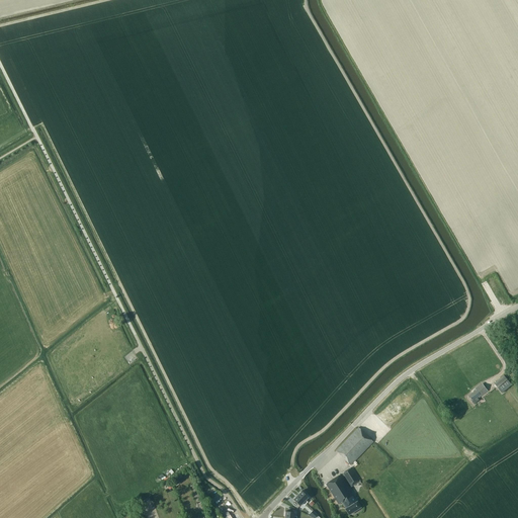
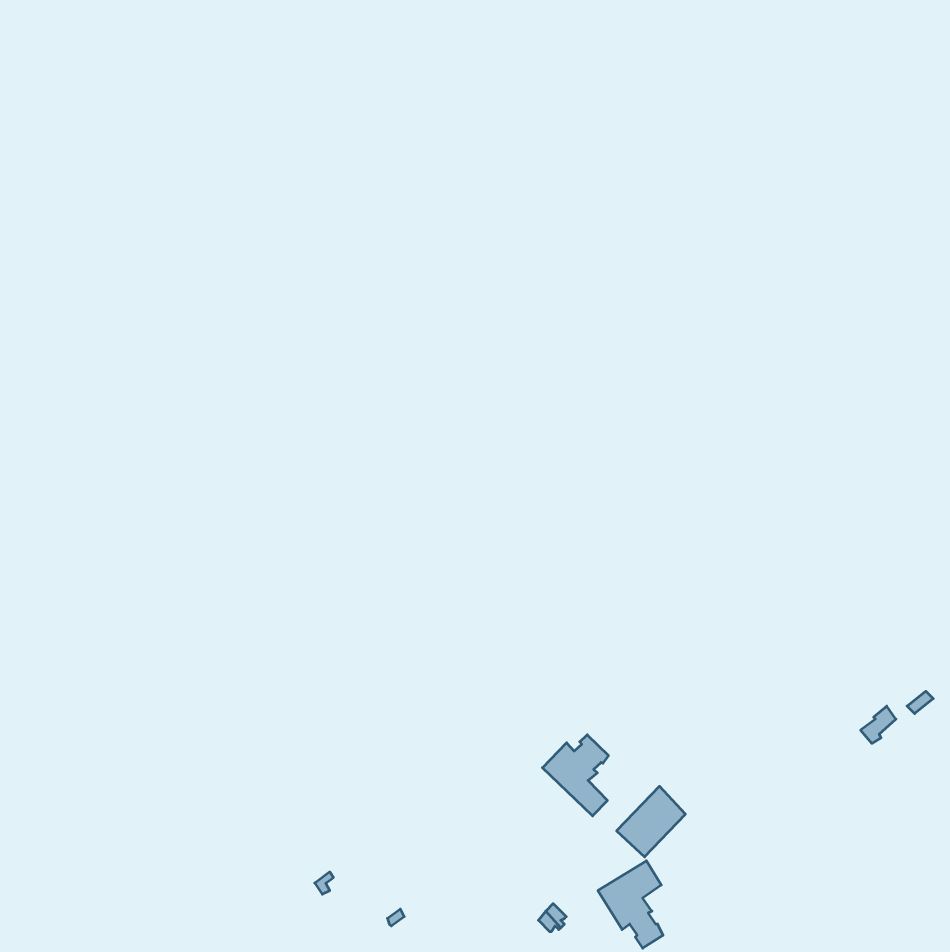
building: none -> [542,735,608,816]

